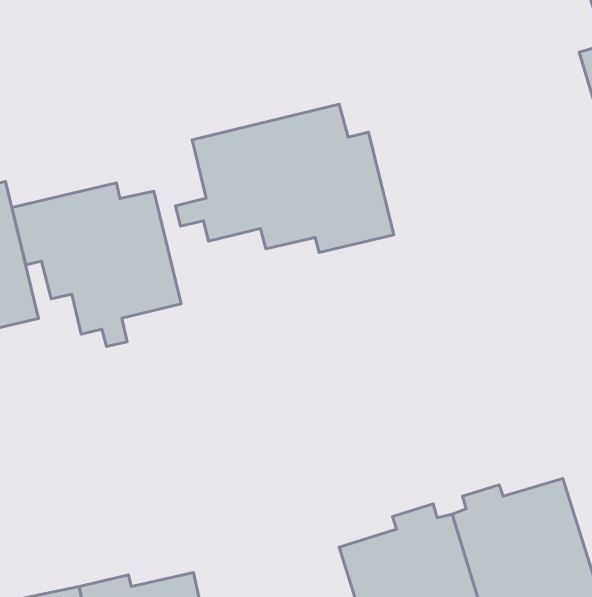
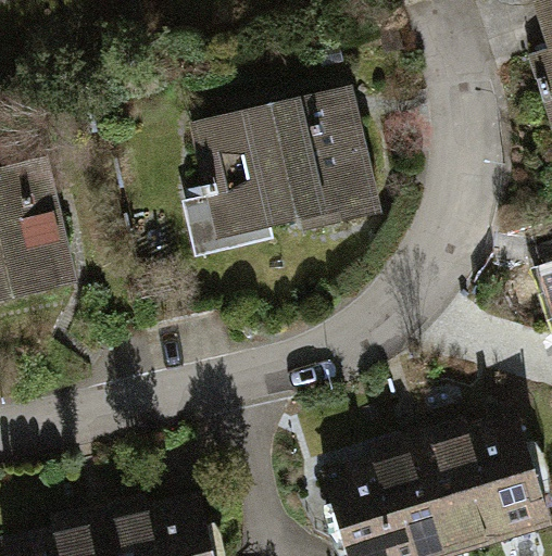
building: [12,183,181,347] -> none

